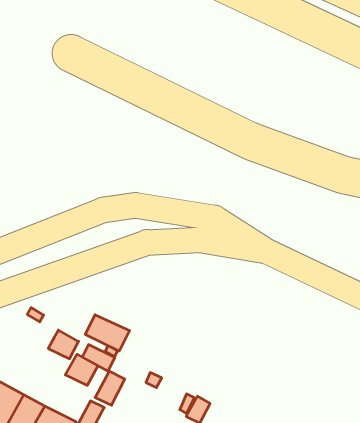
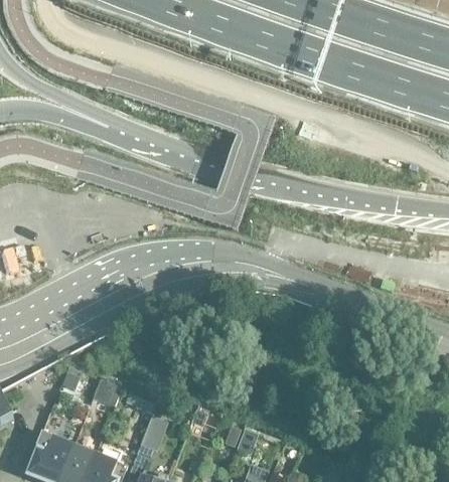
building: [85,315,130,351] -> none
building: [65,354,98,385] -> none

